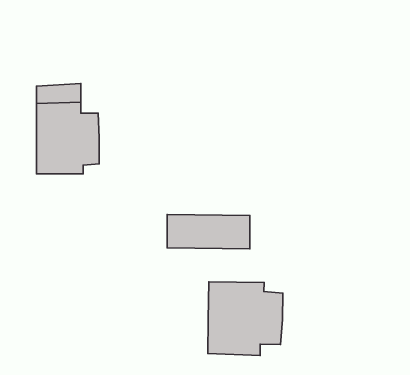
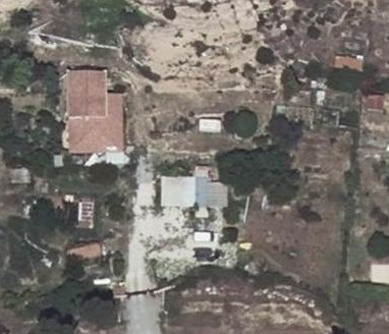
building: [208,282,283,356] -> none

